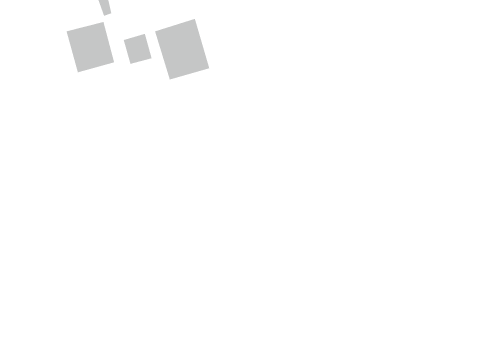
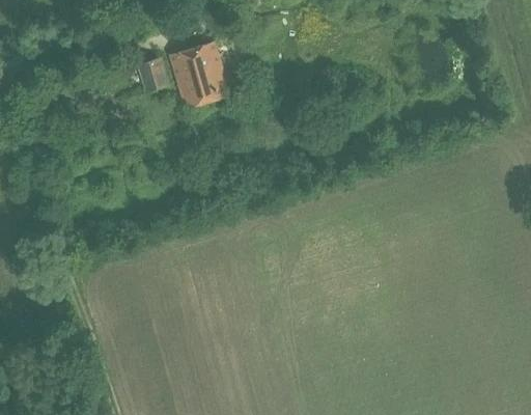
building: [66,21,115,73] -> none

